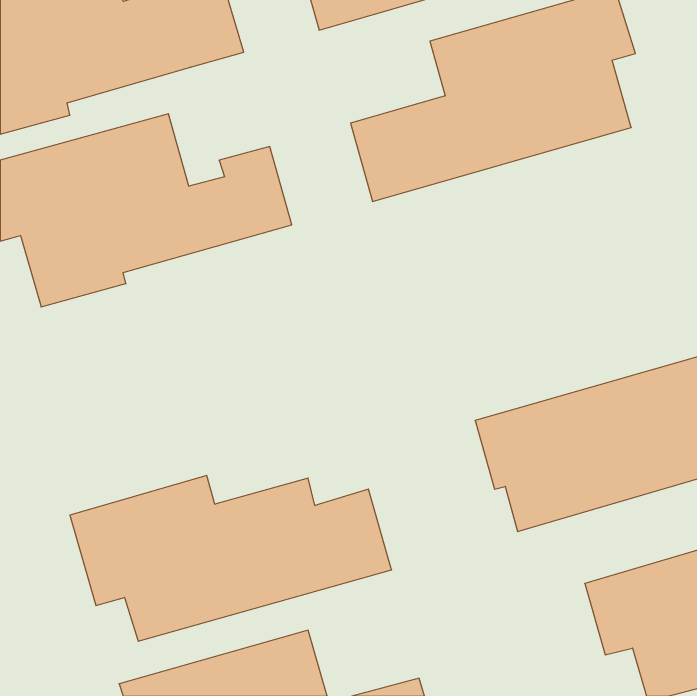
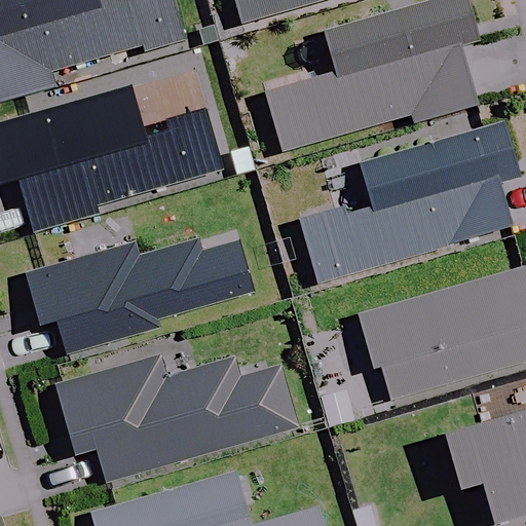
building: none -> [300,121,520,281]
building: none -> [25,240,252,351]

